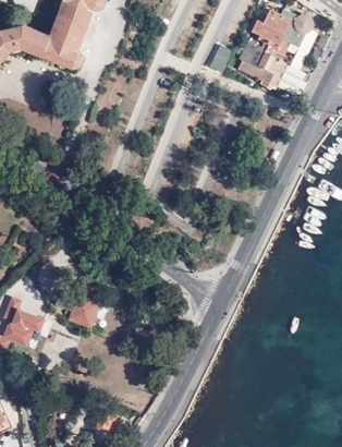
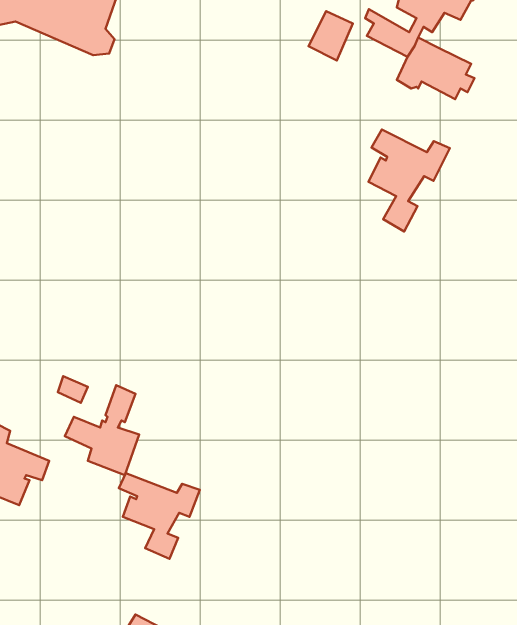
building: none -> [369,129,450,231]
building: none -> [119,473,200,559]

